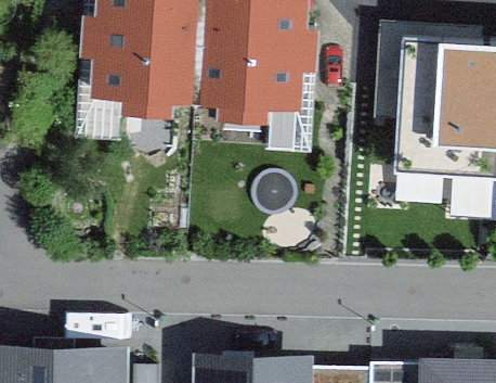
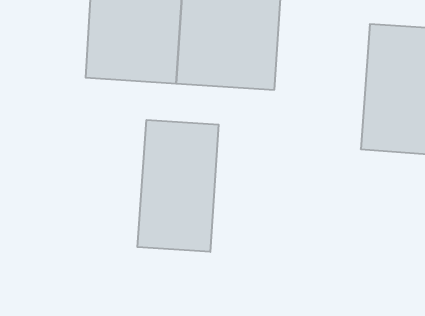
building: none -> [137,120,219,252]

